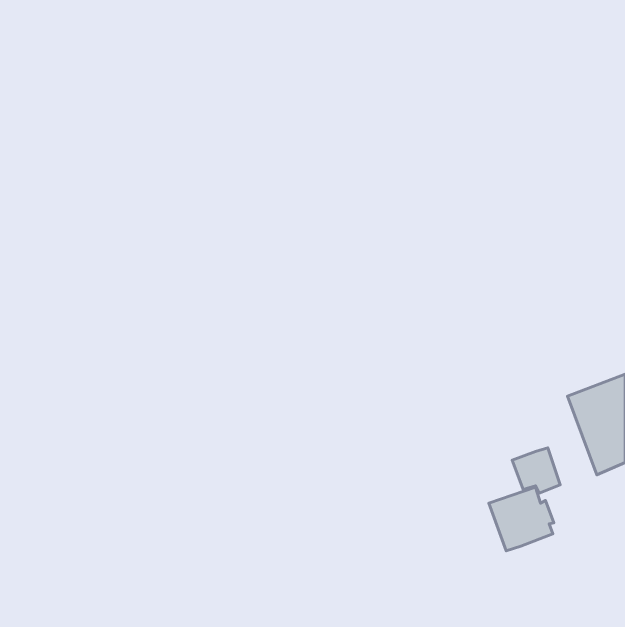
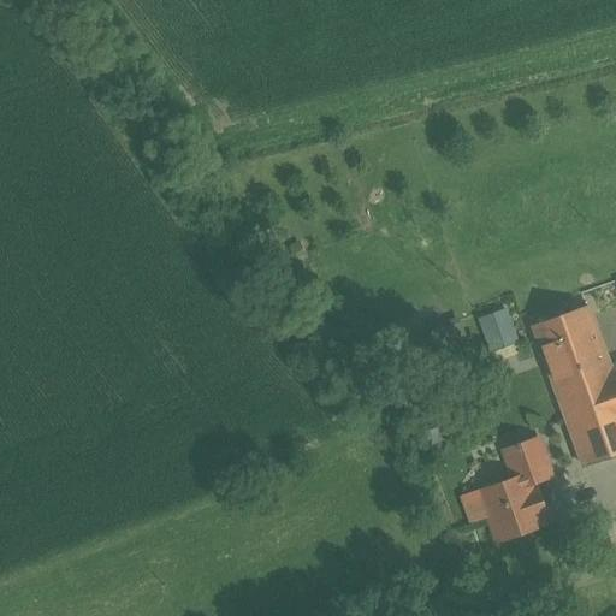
building: none -> [532,303,609,387]
building: none -> [482,307,523,350]

